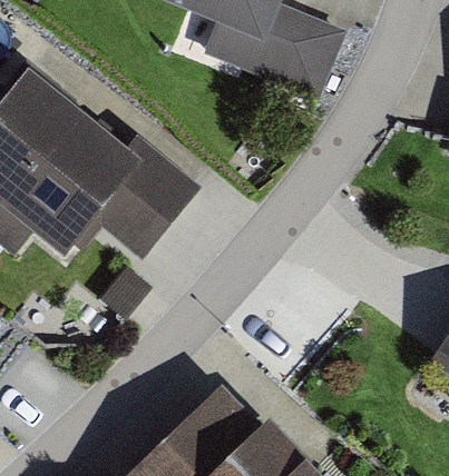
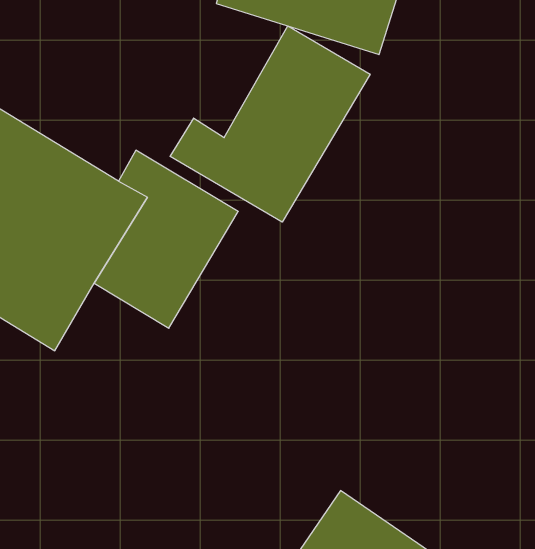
building: none -> [170,26,370,222]

